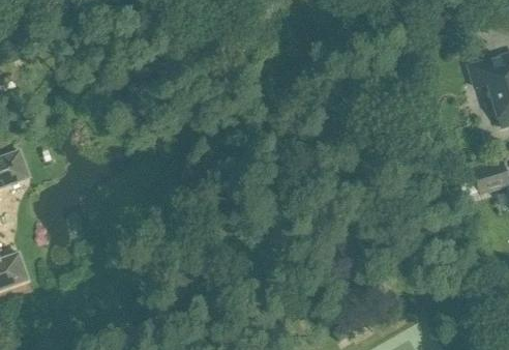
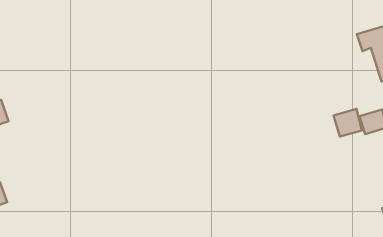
building: none -> [334,109,362,136]

